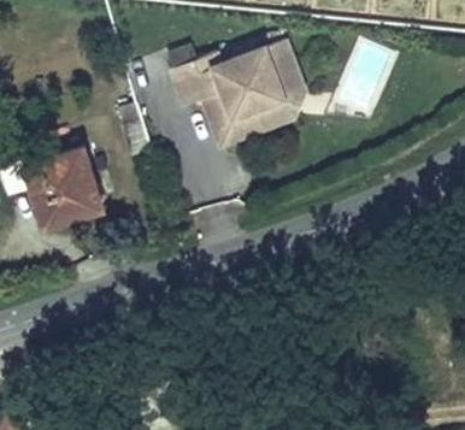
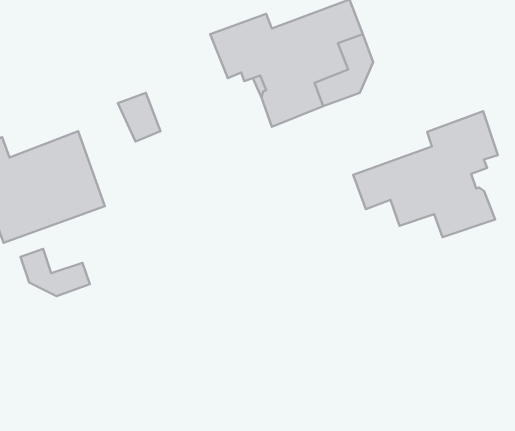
building: none -> [353,111,498,237]
building: none -> [20,249,90,296]

